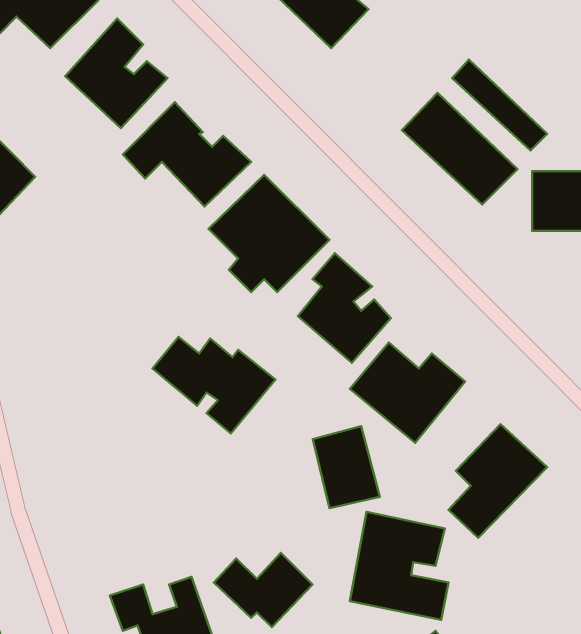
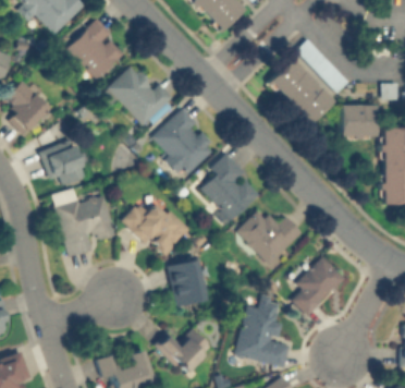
building: none -> [38,137,88,182]
building: none -> [50,189,115,257]
building: [313,426,380,508] -> [168,259,207,307]

